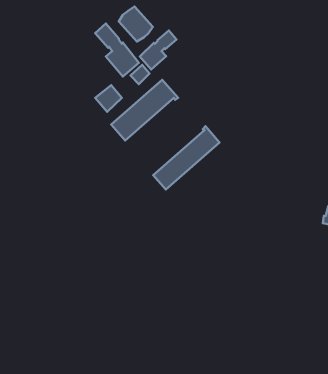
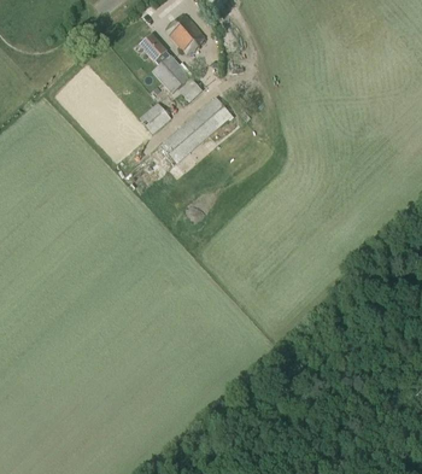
building: [140,30,176,70] -> none
building: [153,126,220,190] -> none

